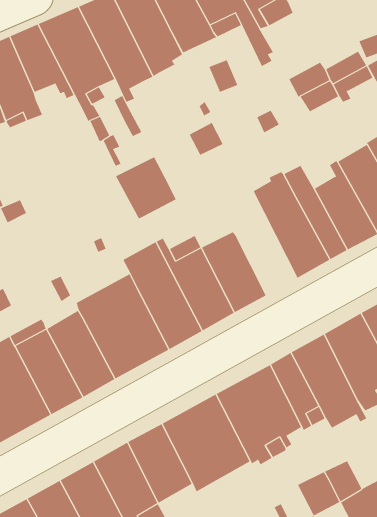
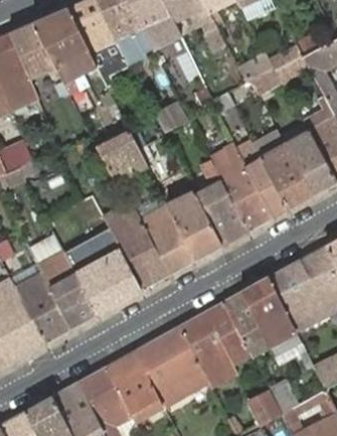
building: none -> [196,160,246,246]

